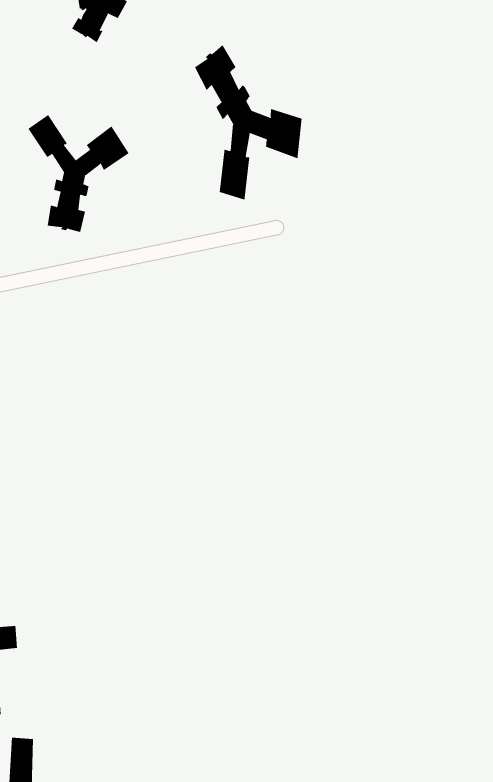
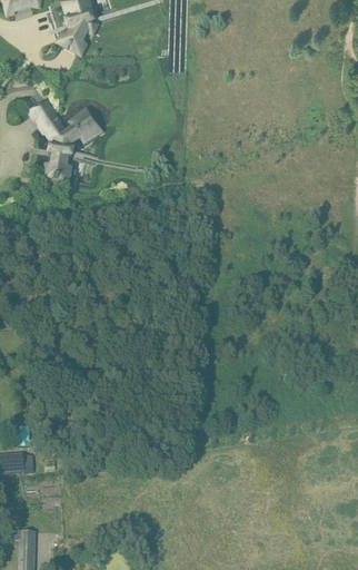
building: [194,44,302,201] -> none

